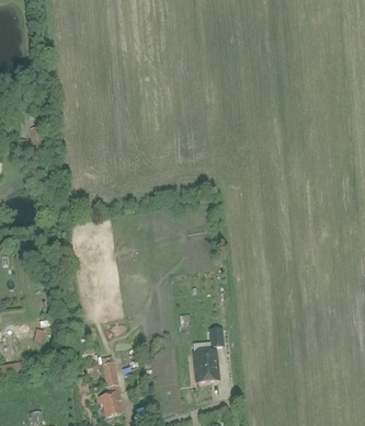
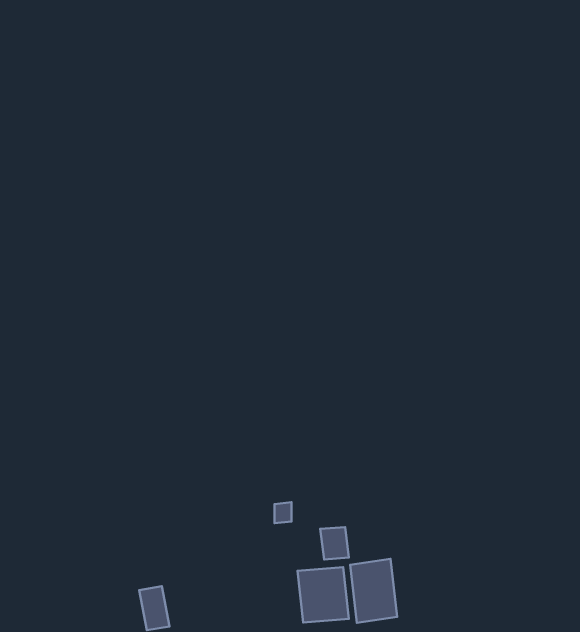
building: none -> [350,559,397,623]

